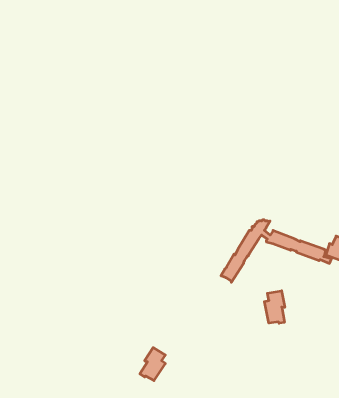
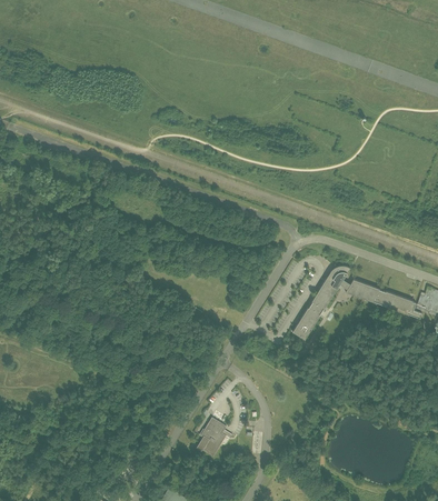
building: [264,291,285,323] -> none

